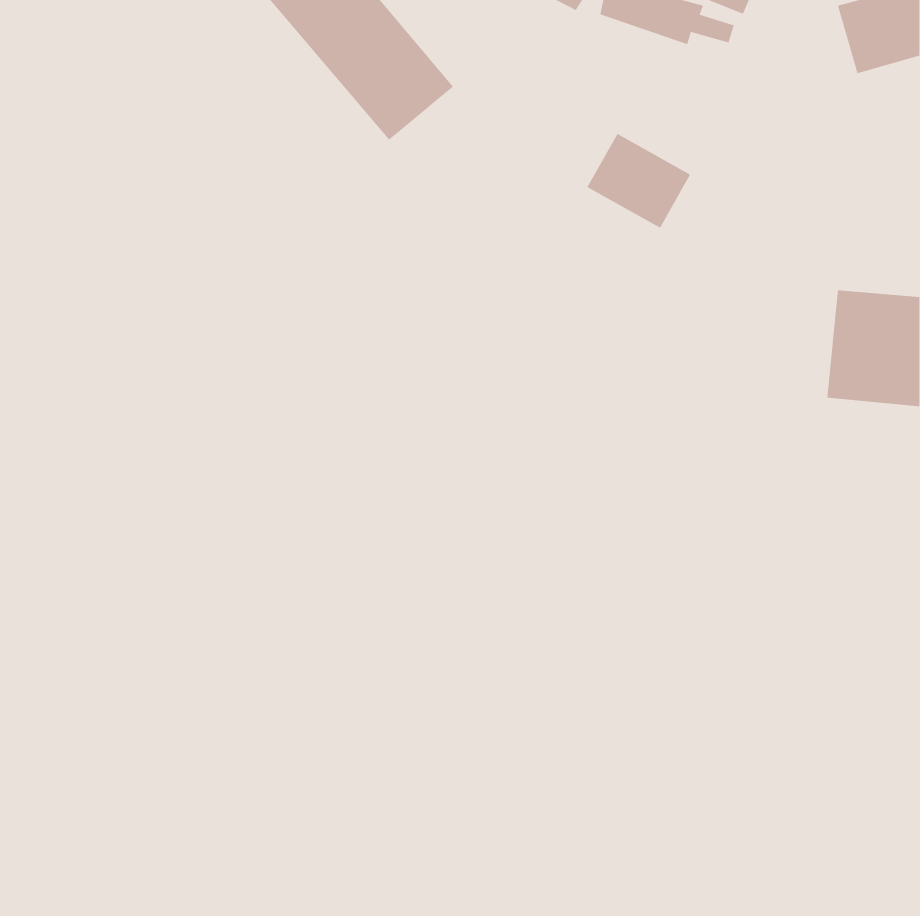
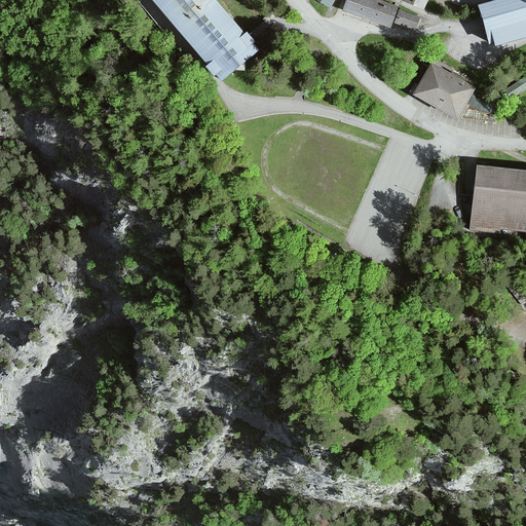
building: [587,133,691,228] -> [414,63,474,117]

